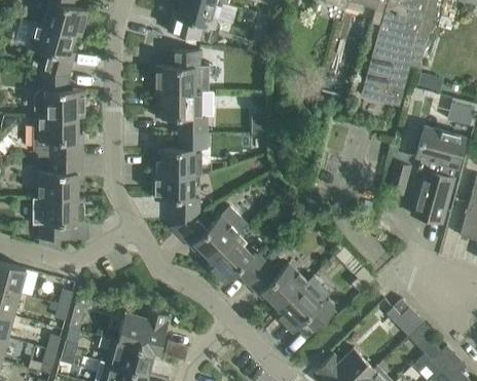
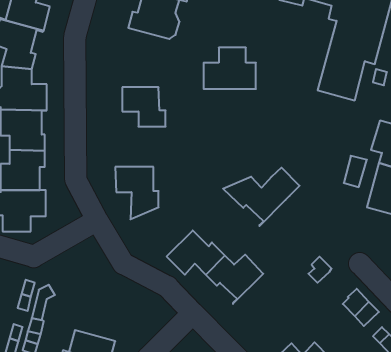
building: [155,50,209,92] -> [204,48,256,89]
building: [154,132,206,174] -> none
building: [170,205,248,265] -> [223,168,300,226]
building: [274,277,335,332] -> none
building: [113,308,170,353] -> none

